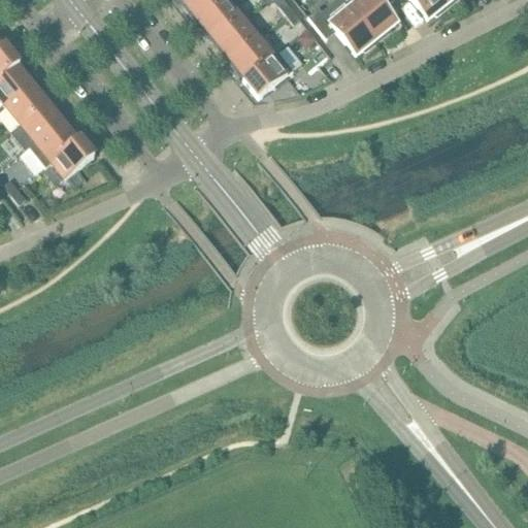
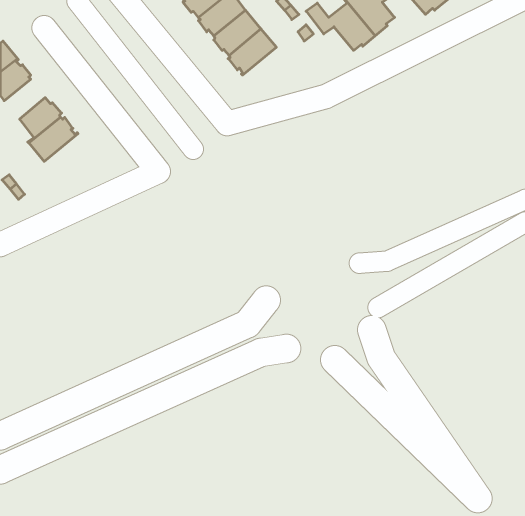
building: [243,47,292,94] -> none
building: [4,79,45,120] -> none
building: [44,134,93,177] -> none

